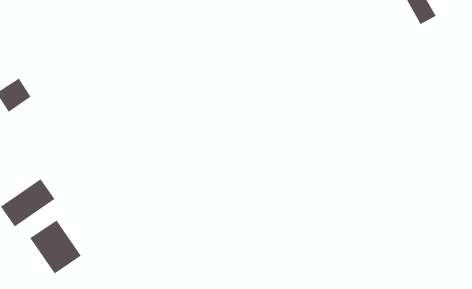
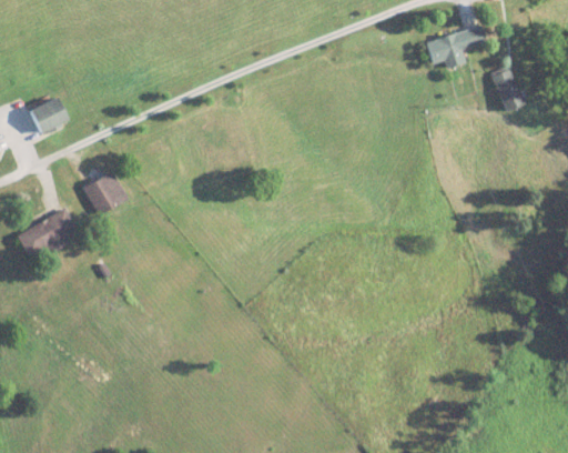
building: none -> [82,171,126,217]
building: [29,219,82,275] -> none

